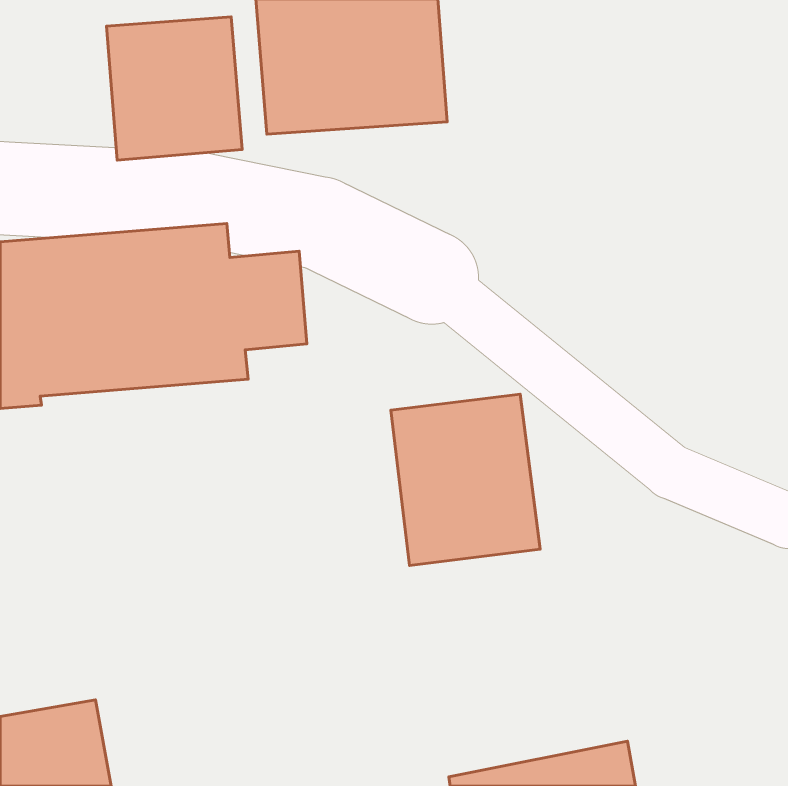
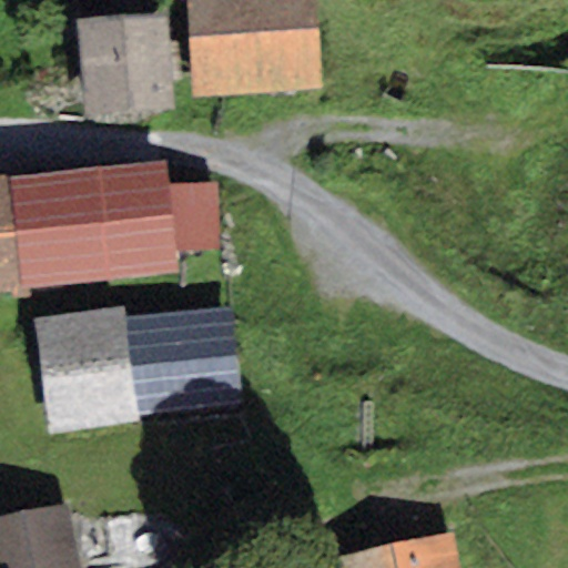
building: [391,394,540,566] -> none
building: none -> [33,304,244,432]

